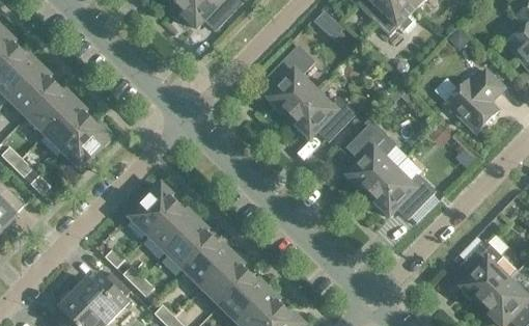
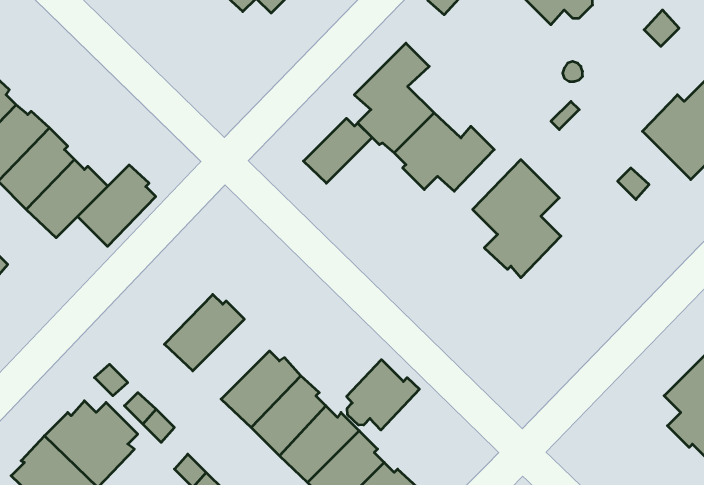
building: none -> [303,118,372,183]
building: [369,167,433,217] -> none
building: [129,184,177,235] -> [77,165,156,246]
building: [165,219,213,269] -> none
building: none -> [347,360,419,430]

